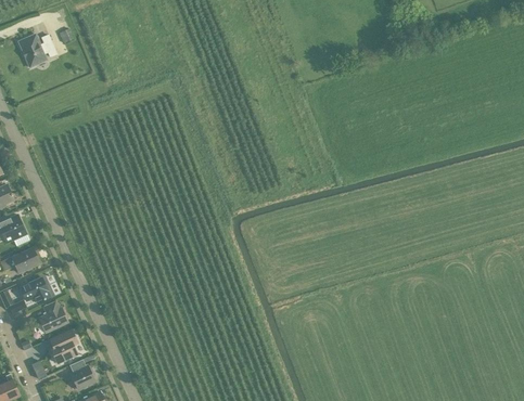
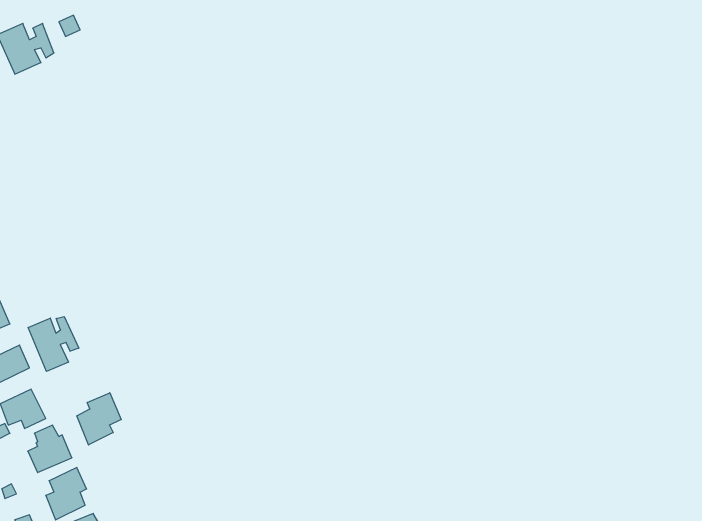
building: none -> [28,317,79,371]
building: none -> [77,393,121,445]

